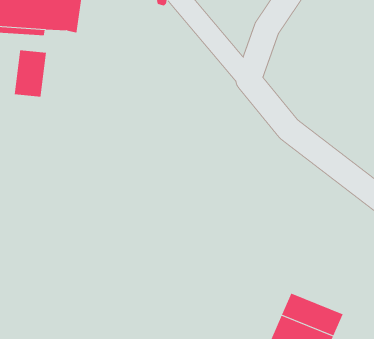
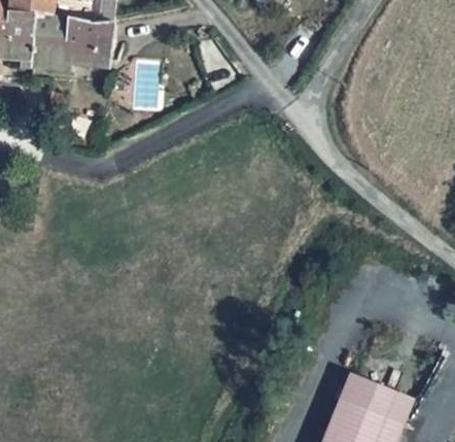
building: [14,49,47,98] -> none

